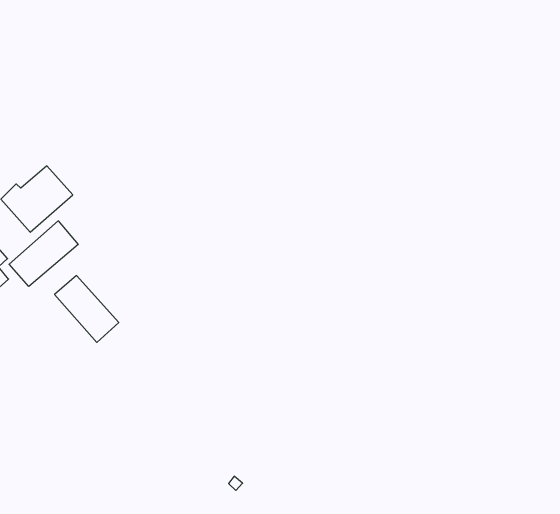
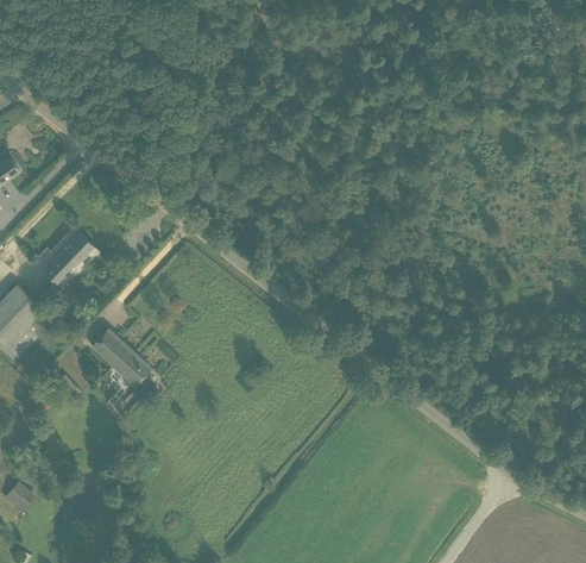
building: [9,221,78,286] -> none

